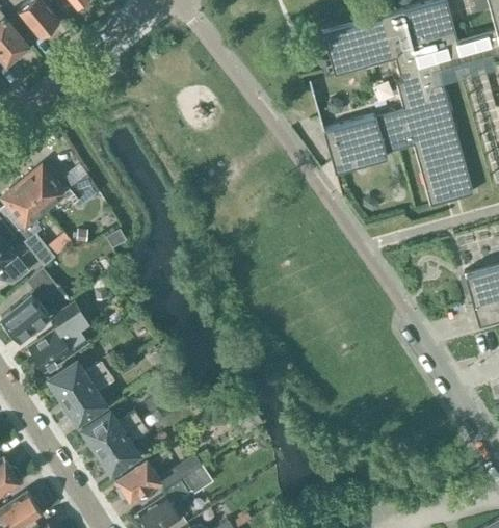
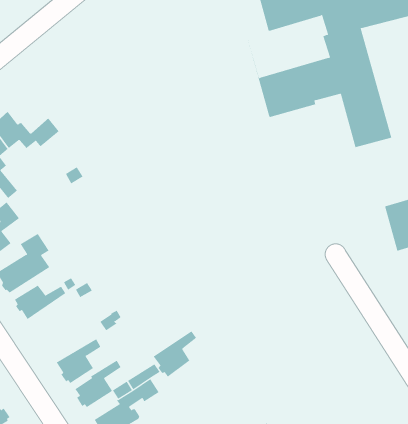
building: [63,372,113,423] -> none
building: [82,413,141,450] -> none
building: none -> [153,331,197,378]

